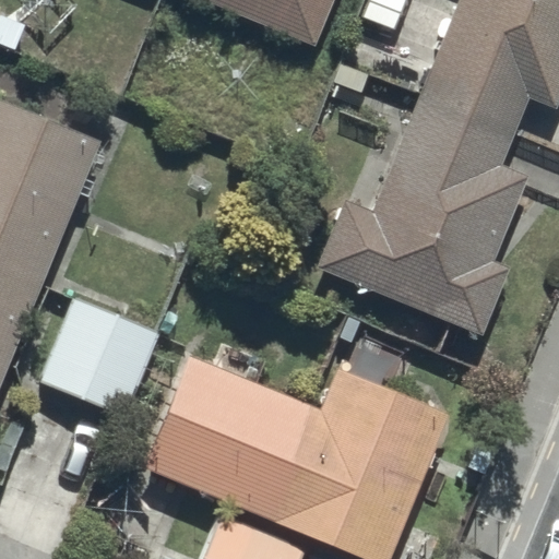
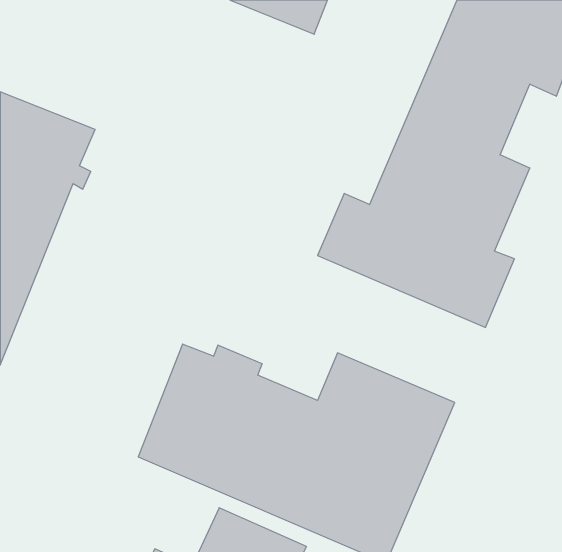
building: [37,296,162,418] -> none

